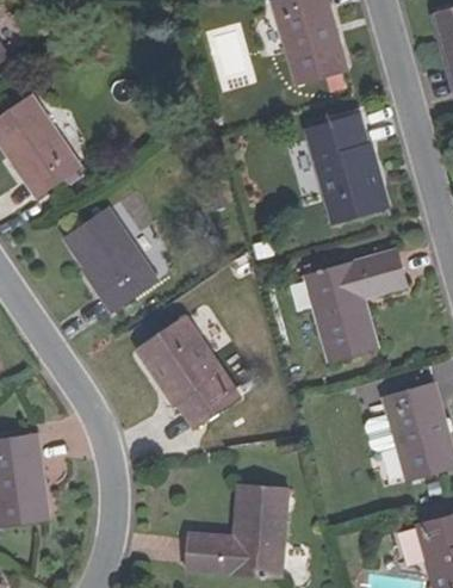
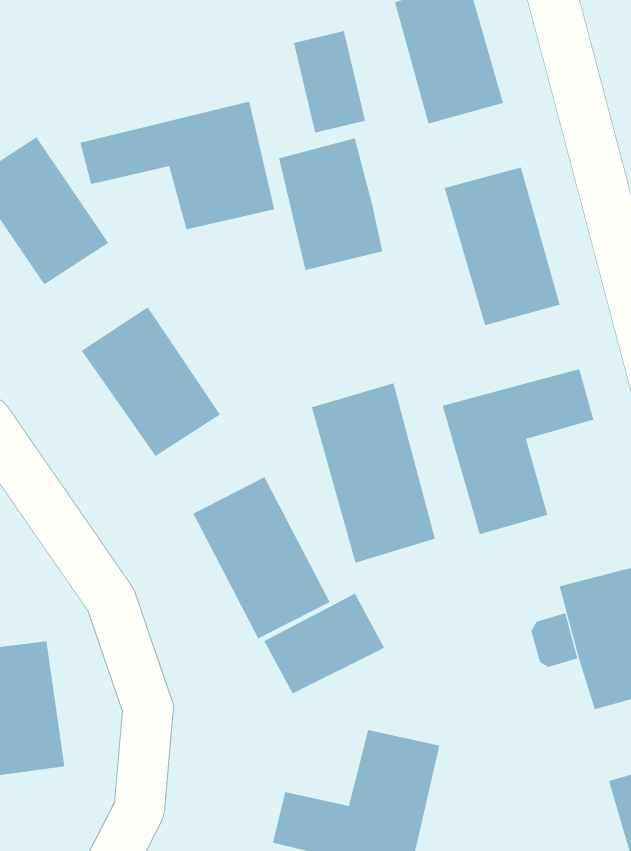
building: none -> [80,101,275,230]
building: none -> [279,137,383,271]
building: none -> [311,382,435,564]
building: none -> [263,593,385,694]

